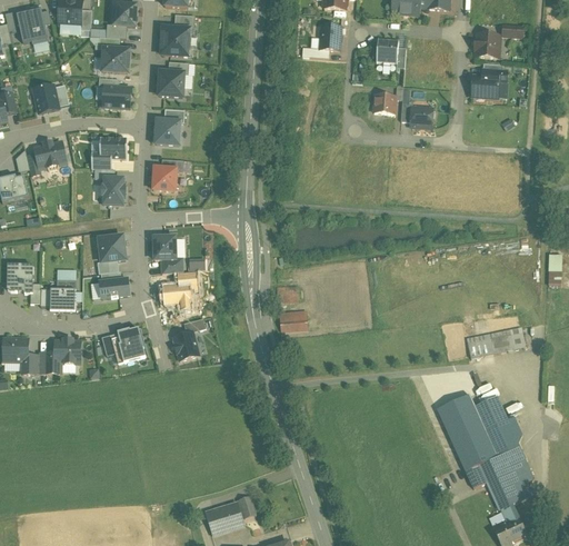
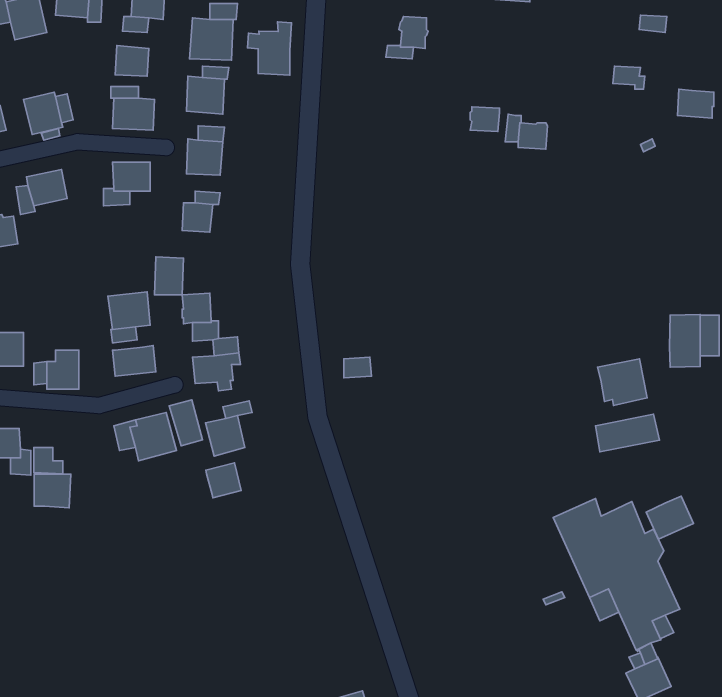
building: none -> [248,22,292,75]
building: [473,32,498,57] -> none
building: [375,38,398,63] -> none
building: [470,75,498,97] -> [677,89,714,118]
building: [103,176,126,205] -> [155,257,184,295]
building: none -> [669,315,700,367]
building: none -> [597,359,647,405]
building: [278,309,307,329] -> none
building: none -> [169,400,203,446]
building: [53,339,81,365] -> [34,474,71,508]
building: none -> [206,463,241,498]
building: none -> [646,496,694,539]
building: [204,502,243,533] -> none

